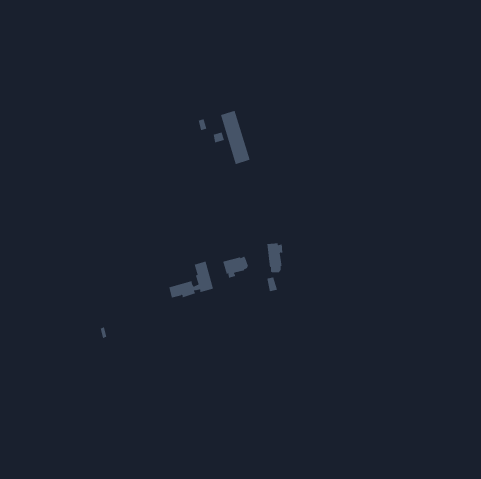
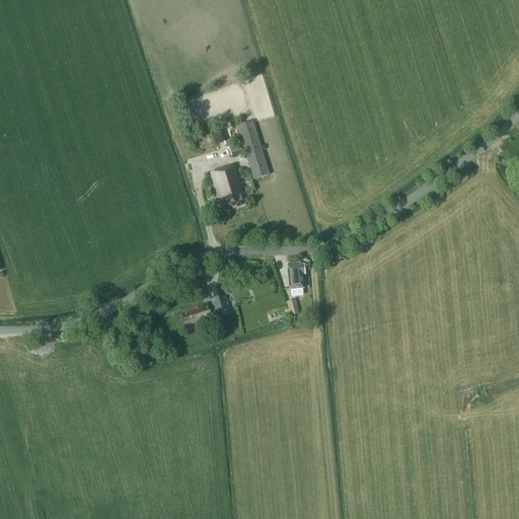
building: none -> [211,164,245,210]
building: [222,256,249,278] -> none

